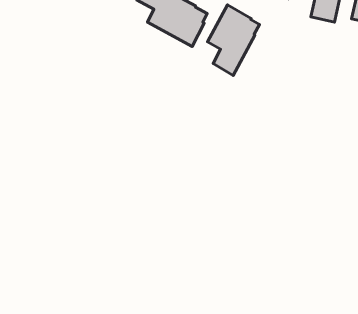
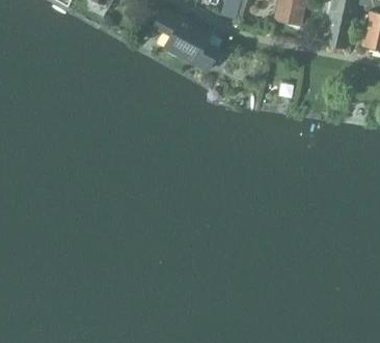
building: [208,5,260,75] -> none

